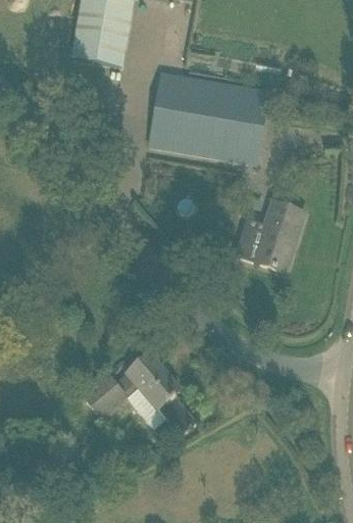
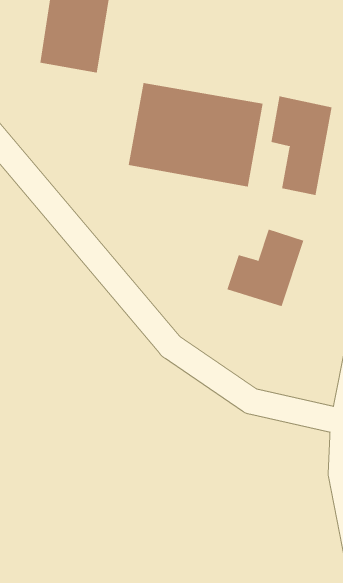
building: none -> [271,96,332,196]
building: [79,352,196,434] -> none

